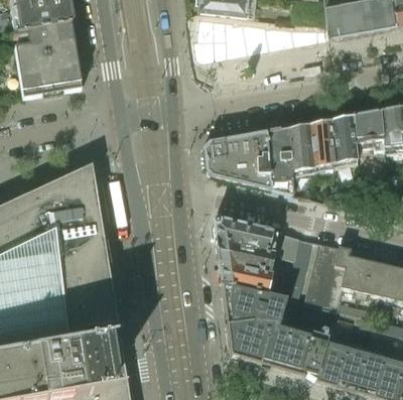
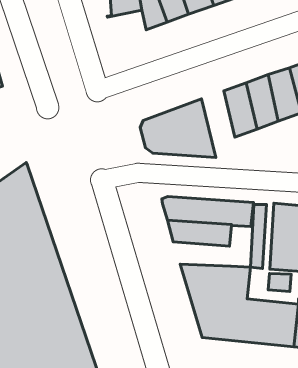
building: [191,38,226,62] -> none
building: [267,127,294,193] -> none
building: [218,261,273,293] -> none

